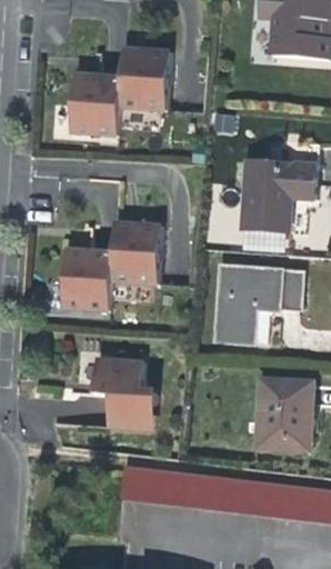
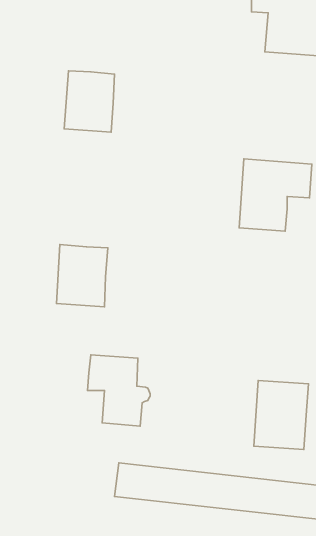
building: [119,47,170,109] -> none
building: [111,221,161,282] -> none
building: [217,268,303,341] -> none

